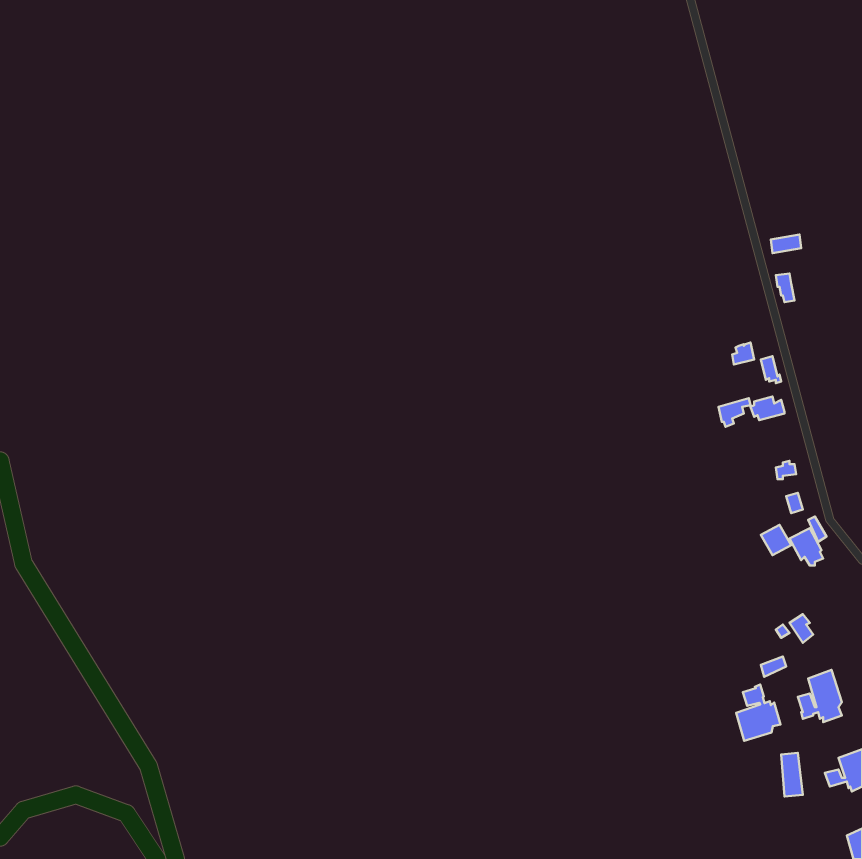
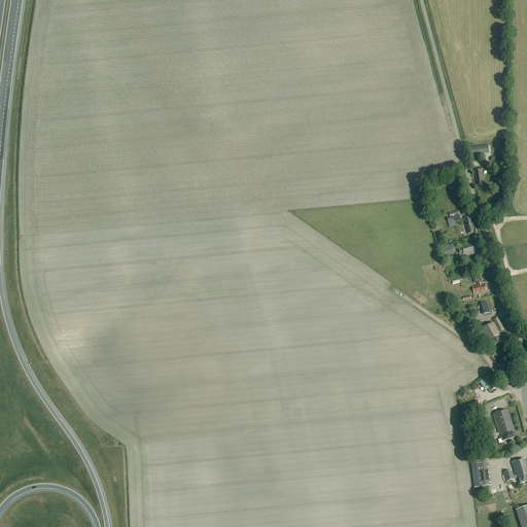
building: [736,684,780,741] -> none

